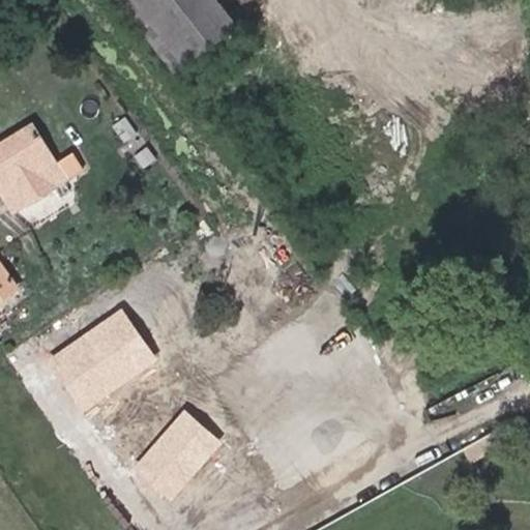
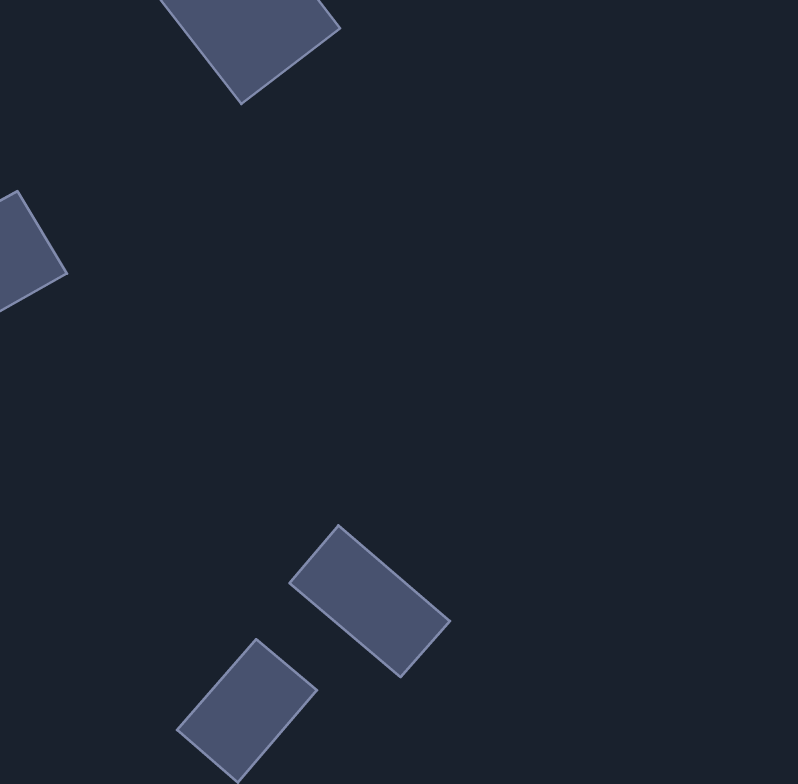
building: [48,307,157,411] -> none
building: none -> [290,525,450,677]

